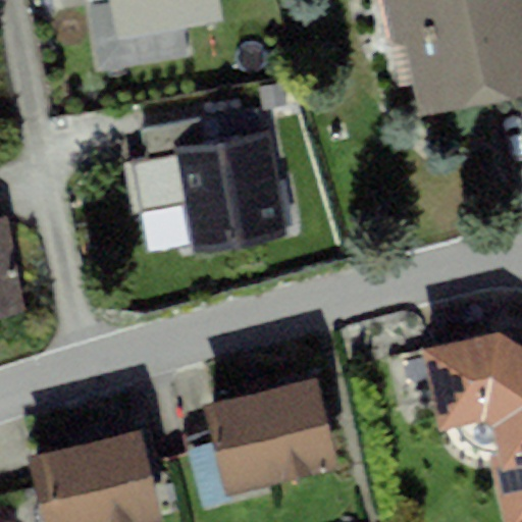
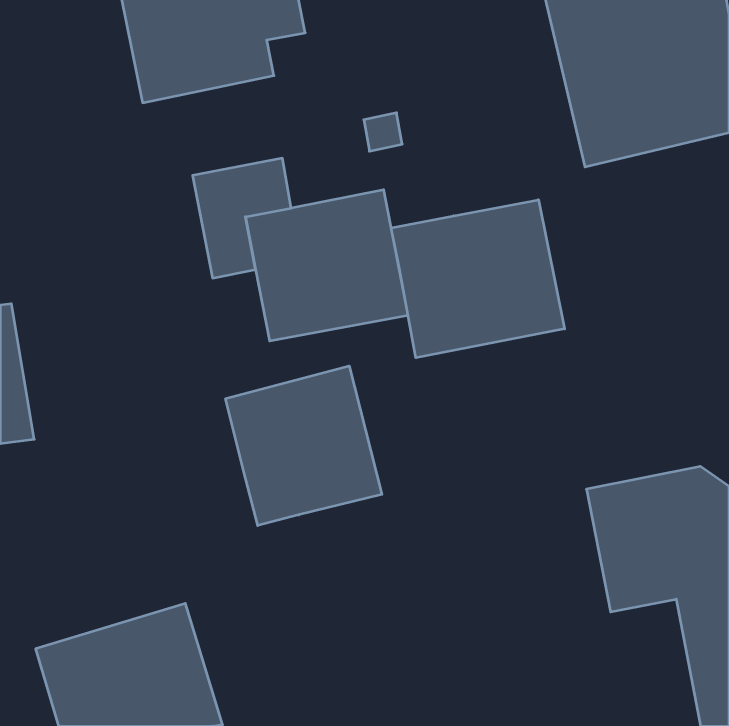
building: none -> [391,200,565,358]
building: none -> [226,366,382,526]
building: [208,377,340,492] -> none

